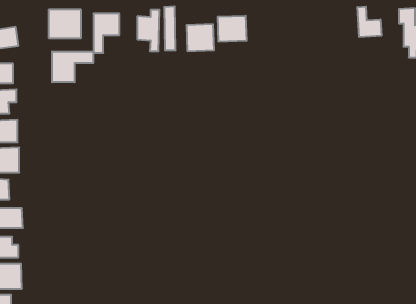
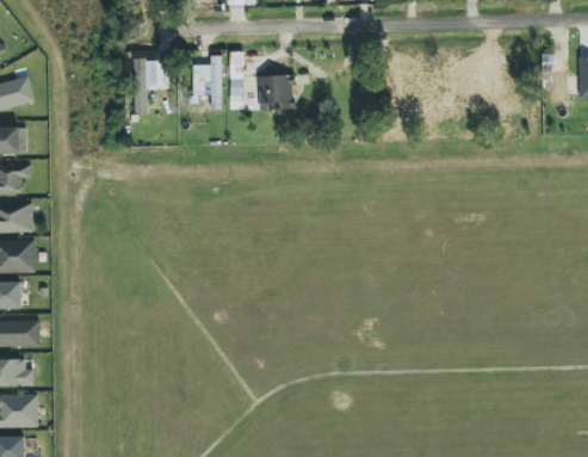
building: [357,7,381,37] -> none
building: [49,9,81,38] -> none
building: [218,16,246,42] -> none
building: [52,51,93,82] -> none

